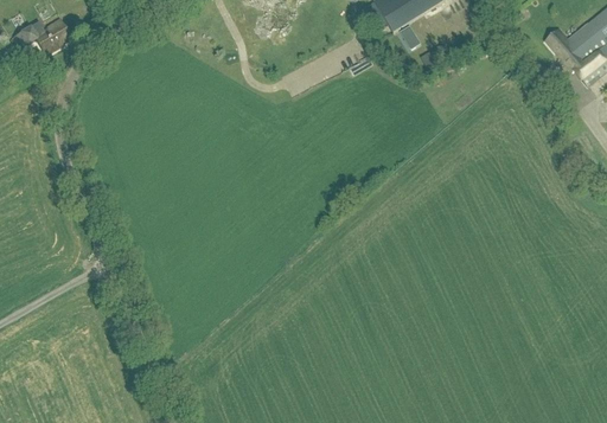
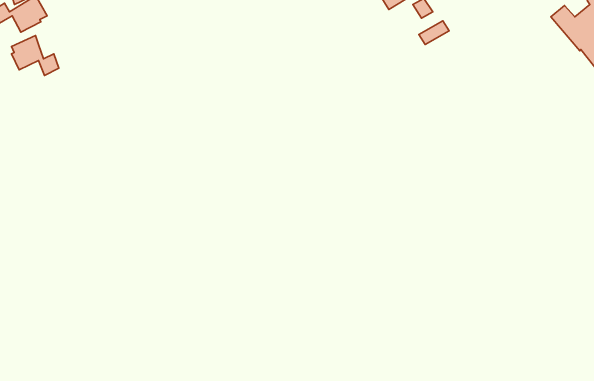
building: none -> [11,36,59,75]

